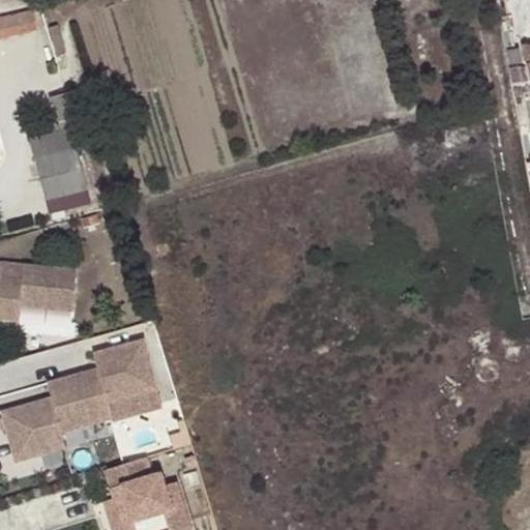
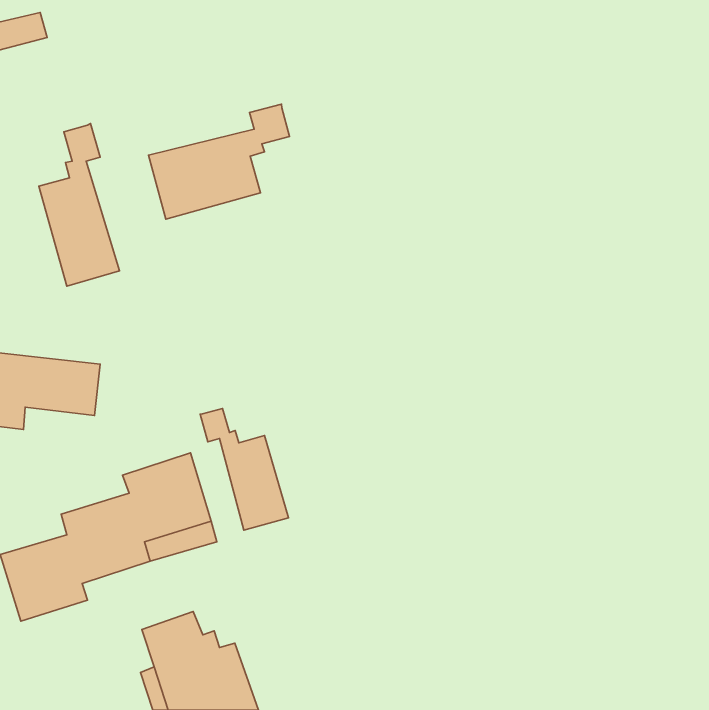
building: none -> [149,104,290,219]
building: none -> [200,408,288,530]

